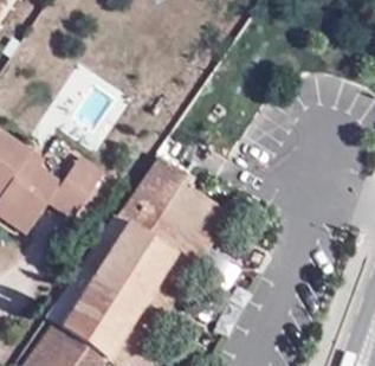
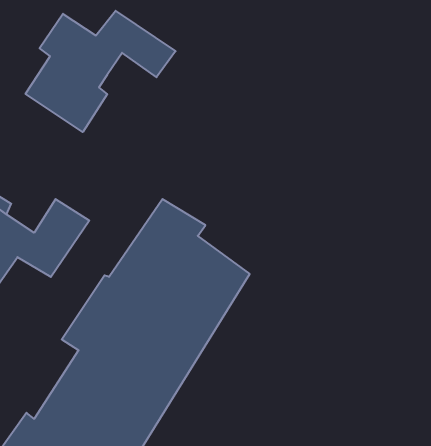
building: none -> [26,11,176,132]

